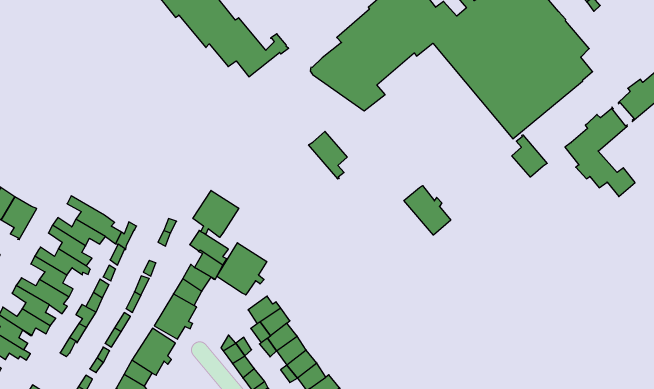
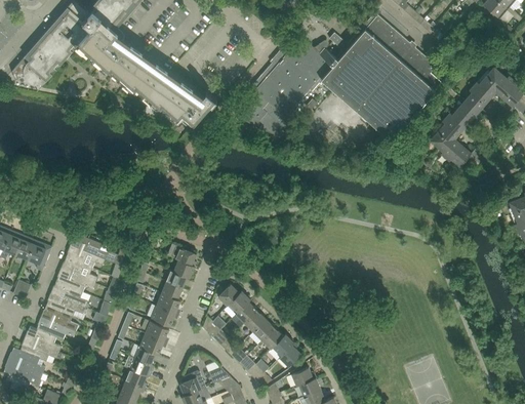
building: [309,131,347,179] -> none
building: [512,135,547,177] -> none
building: [404,186,451,235] -> none
building: [193,190,239,237] -> none
building: [217,243,267,295] -> none

